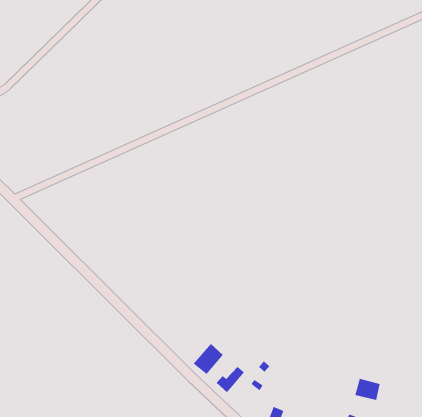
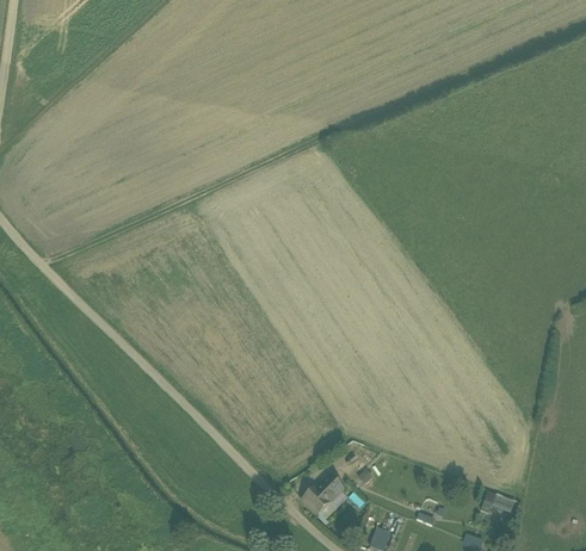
building: [193,343,224,375] -> none

